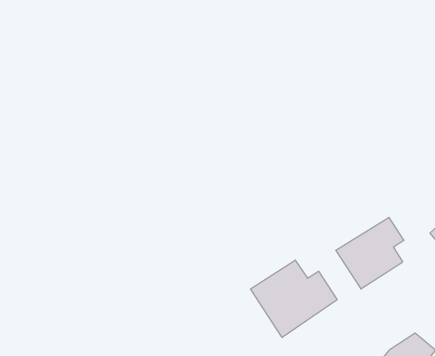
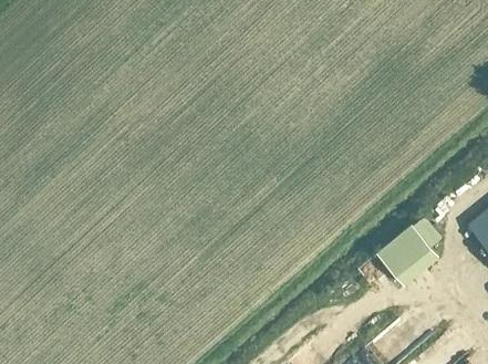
building: [251,260,337,338] -> none

